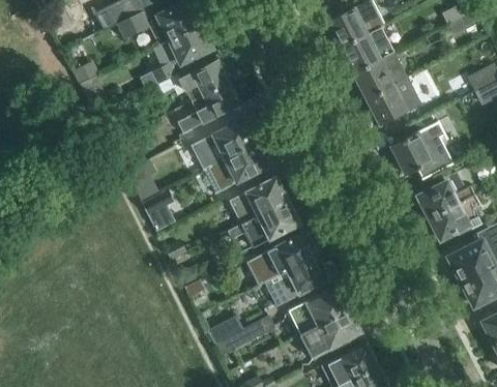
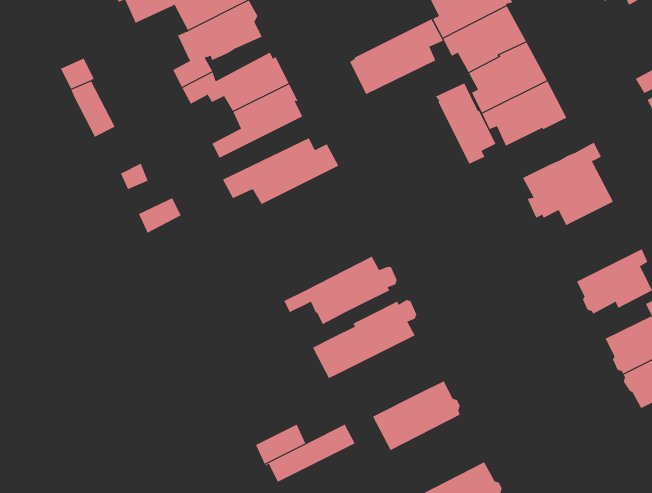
building: none -> [435,82,496,164]
building: [208,138,273,190] -> [349,18,444,95]
building: [417,172,474,217] -> none
building: [235,175,290,224] -> none
building: [142,189,175,232] -> none
building: [264,255,335,305] -> none
building: [300,309,361,358] -> none

